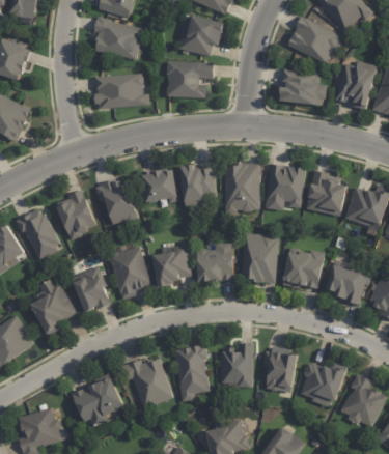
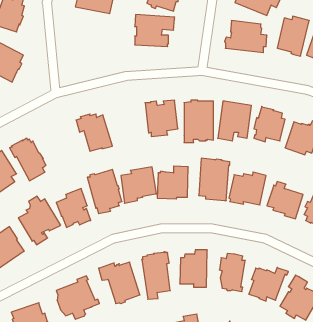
building: [91,74,146,110] -> none
building: [140,169,180,202] -> none
building: [57,189,95,239] -> none

